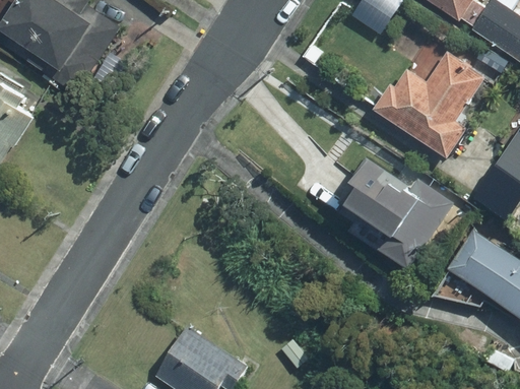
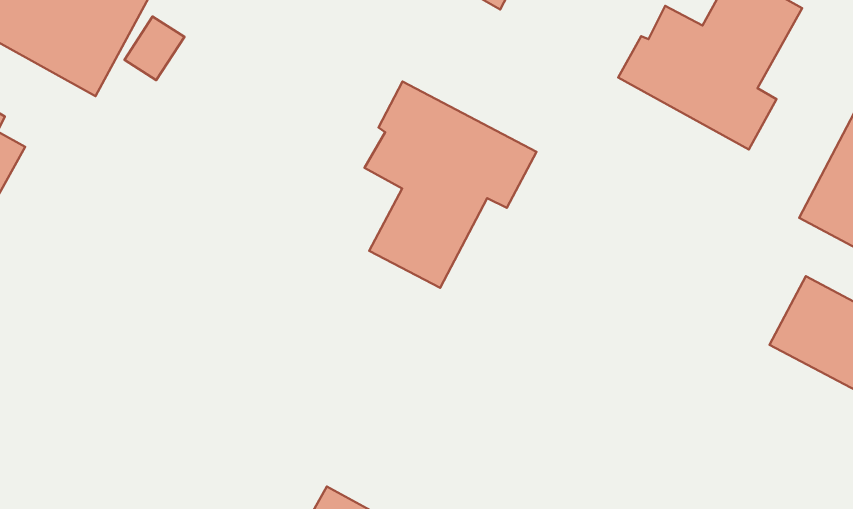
building: none -> [364,81,537,288]
building: [344,158,452,266] -> none

